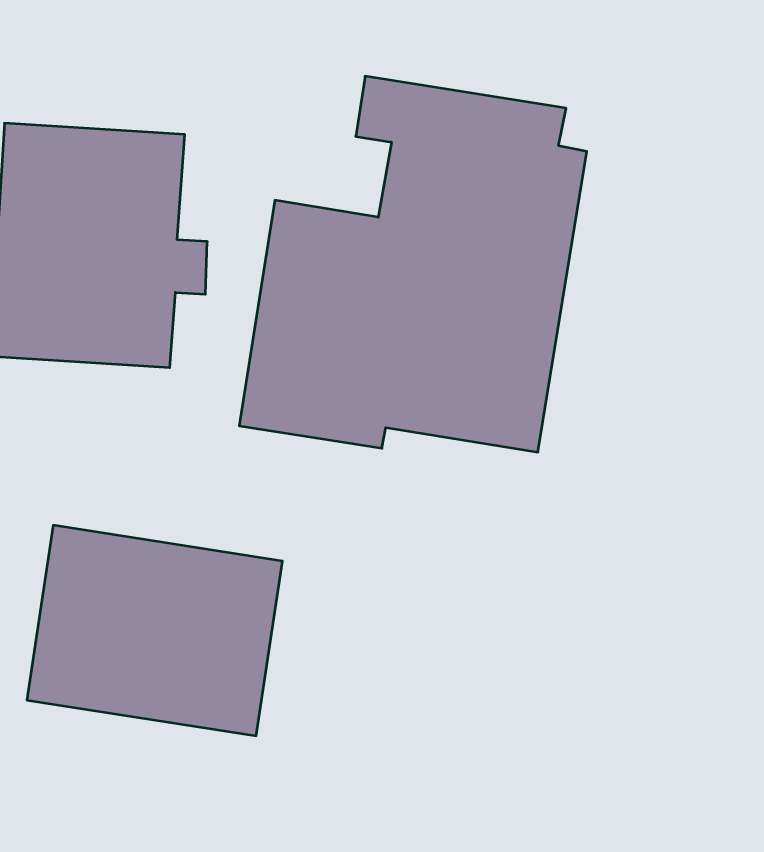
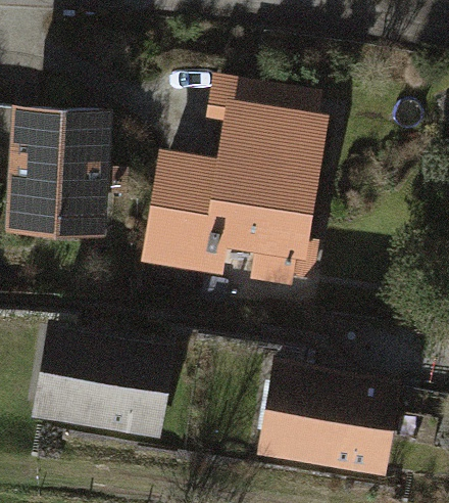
building: none -> [244,354,390,474]

